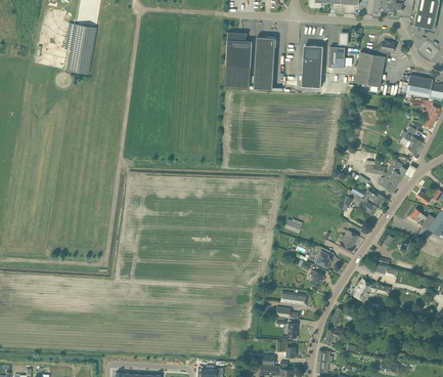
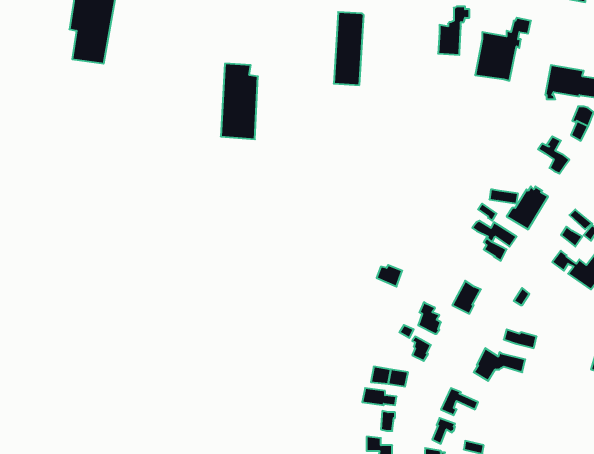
building: [225,33,252,87] -> [221,64,258,139]
building: [302,45,323,87] -> none

